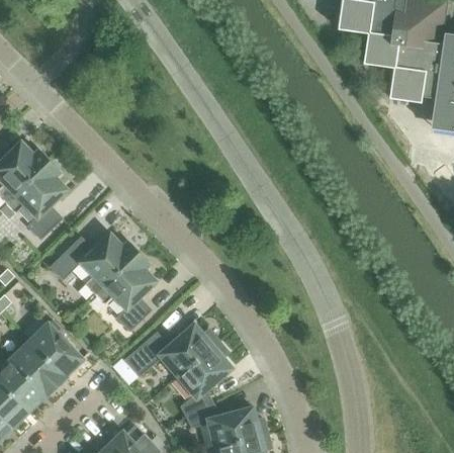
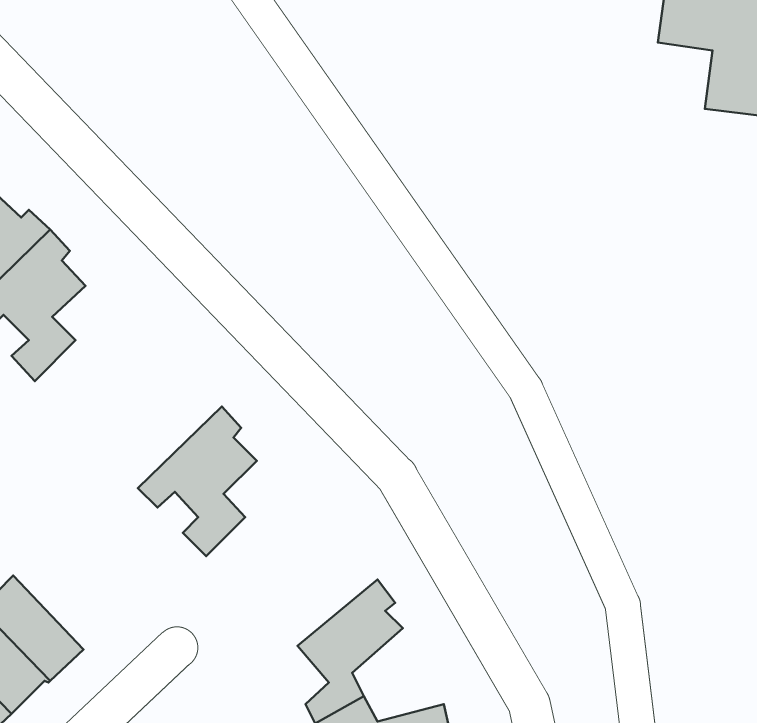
building: [52,233,139,294] -> none
building: [30,323,84,378] -> none
building: [126,324,219,376] -> none

